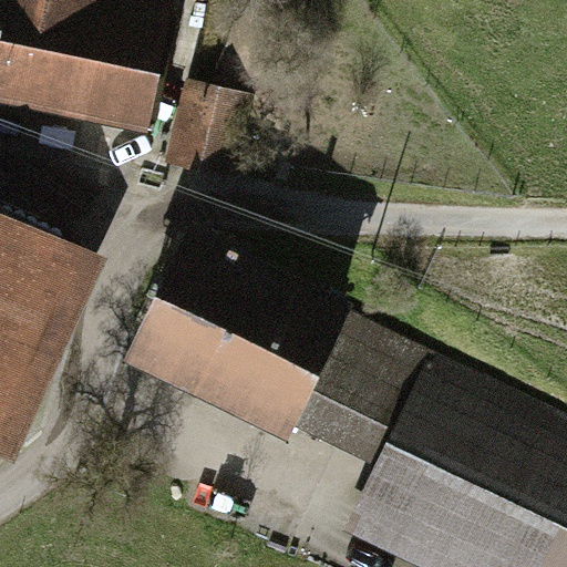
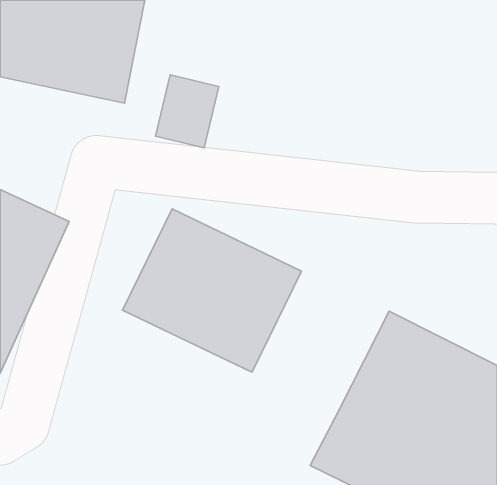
building: [289,322,443,480] -> none

